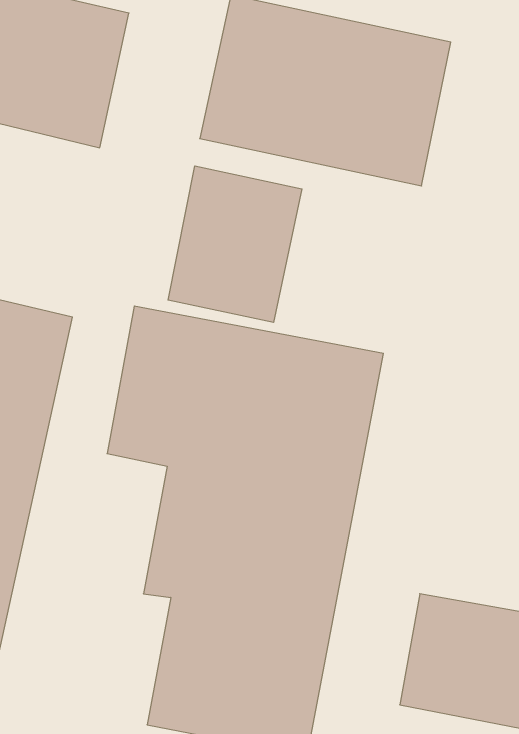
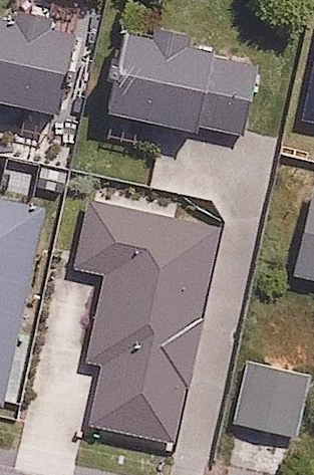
building: [168,166,302,322] -> none

